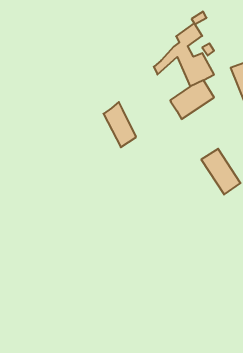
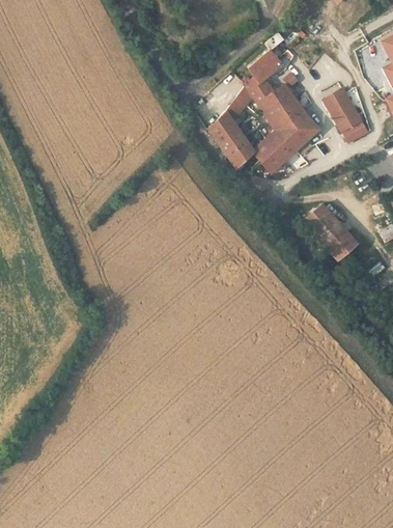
building: none -> [291,110,319,139]
building: [103,102,136,147] -> [208,111,254,168]

